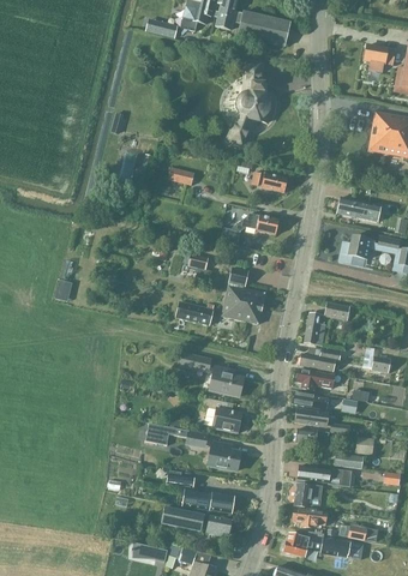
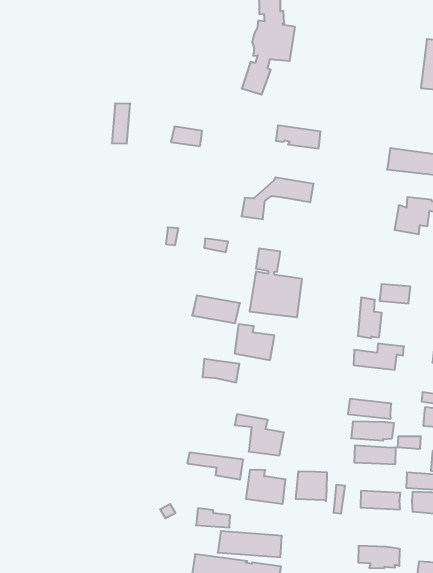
building: [210,366,242,396] -> [235,324,274,360]
building: [296,368,334,389] -> none
building: [294,484,320,509] -> [296,471,327,501]

